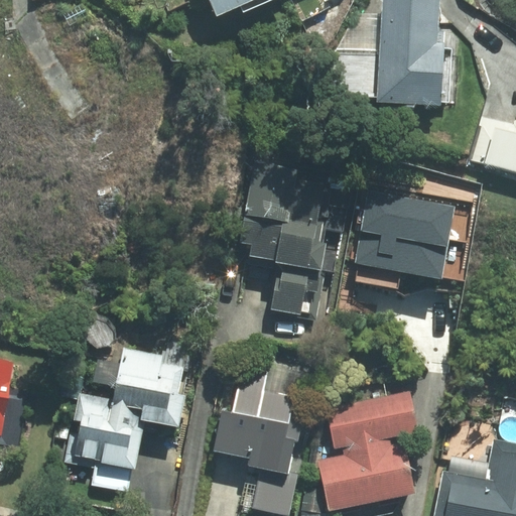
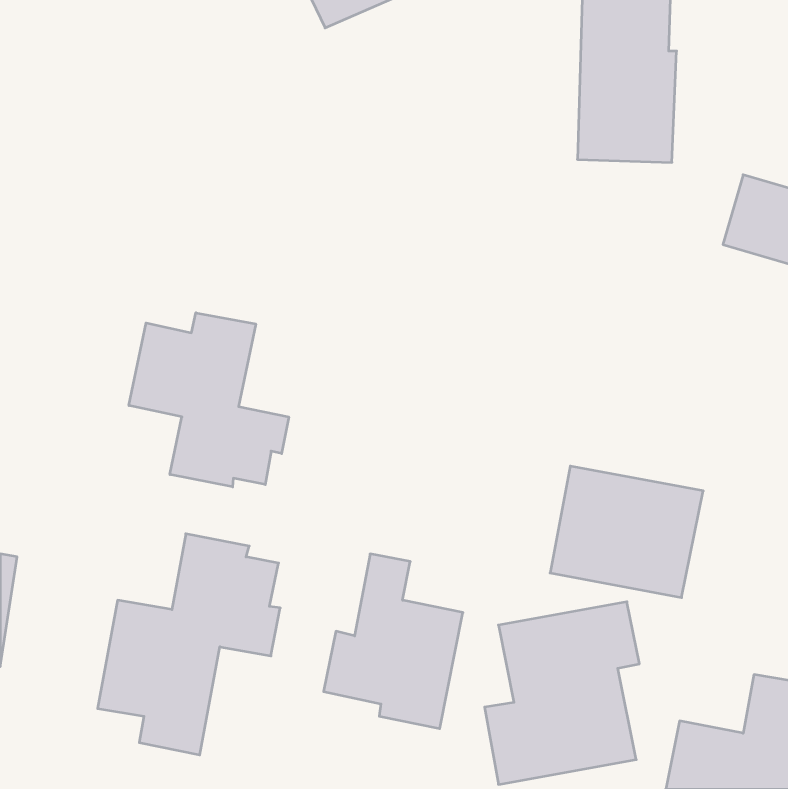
building: [242,161,338,319] -> none
building: [353,195,453,280] -> [550,466,703,598]
building: none -> [129,313,289,487]

